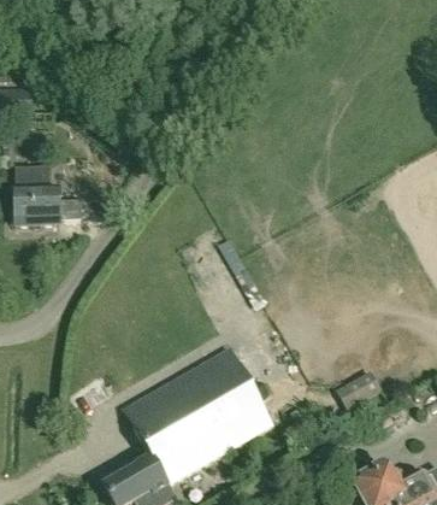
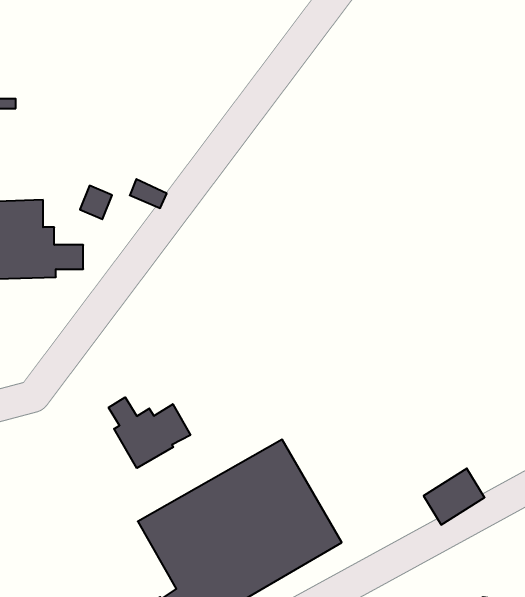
building: none -> [109,397,190,468]

